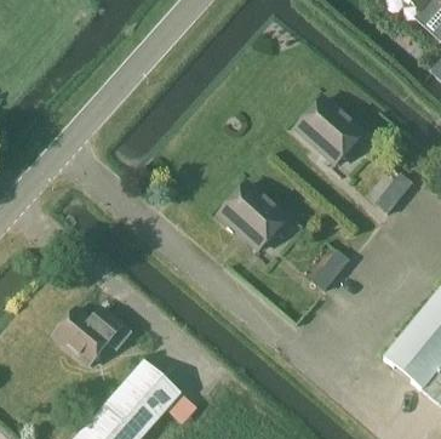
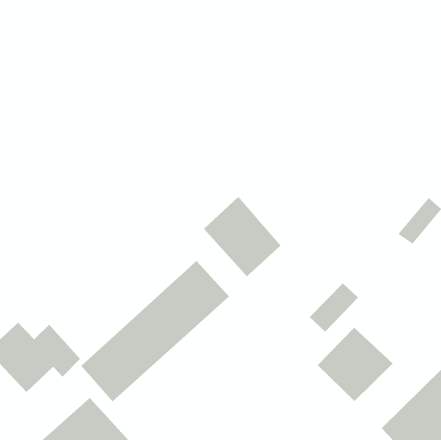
building: [296,98,362,164] -> none
building: none -> [80,260,230,402]
building: none -> [317,327,393,402]

